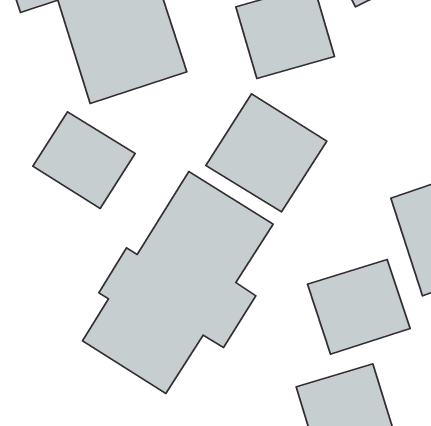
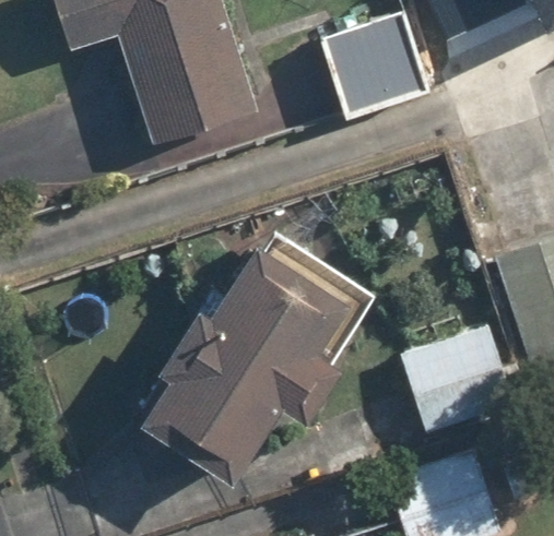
building: [206,94,327,212] -> none
building: [33,112,135,209] -> none

